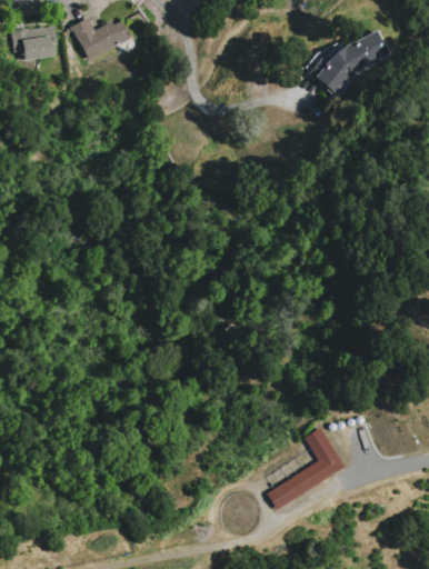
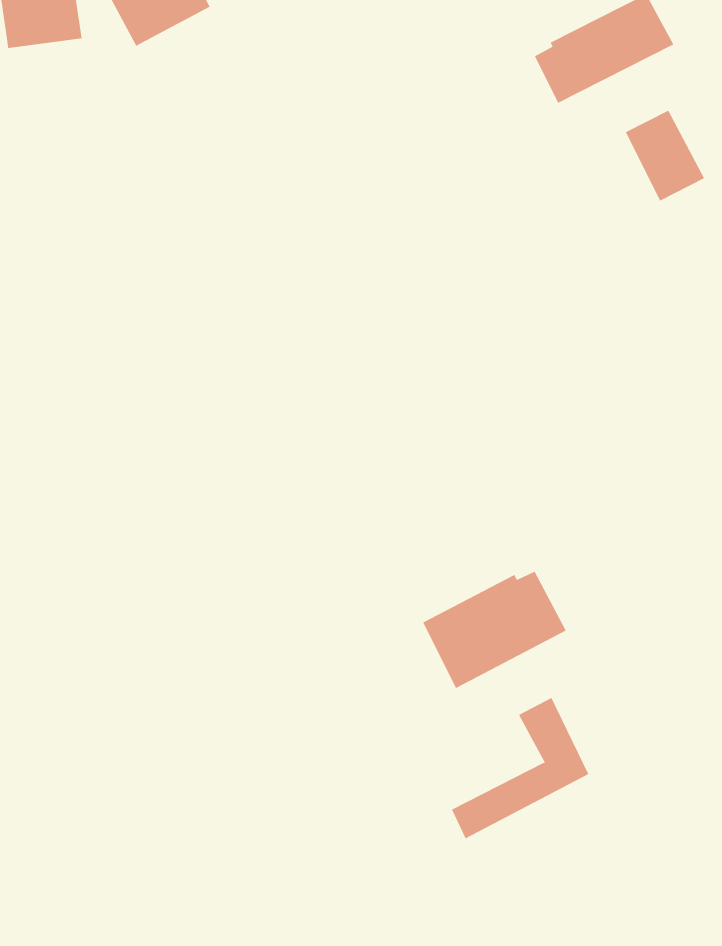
building: none -> [625,110,705,201]
building: none -> [422,571,567,689]

